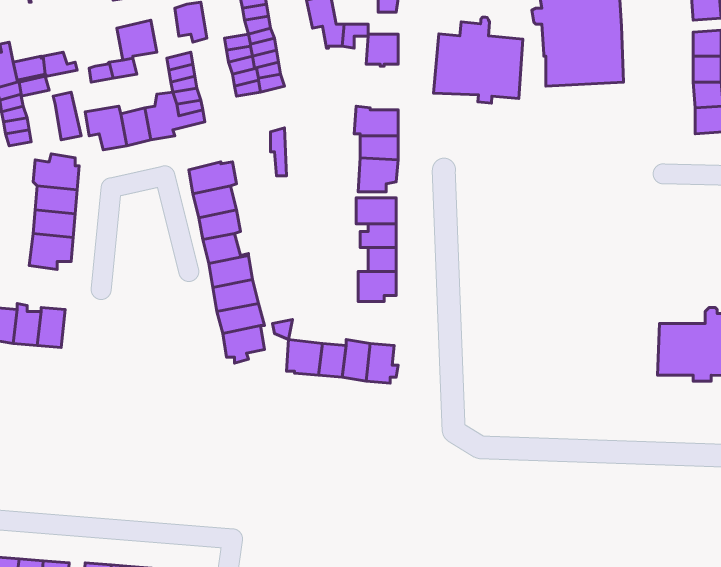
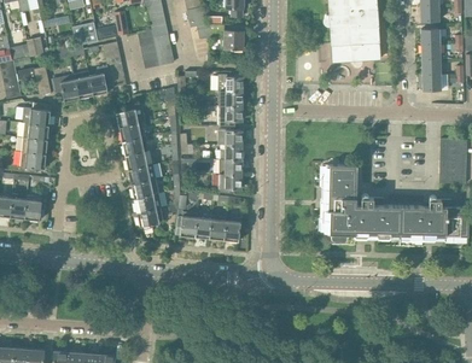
building: [433,17,523,103] -> none
building: none -> [325,165,402,240]

